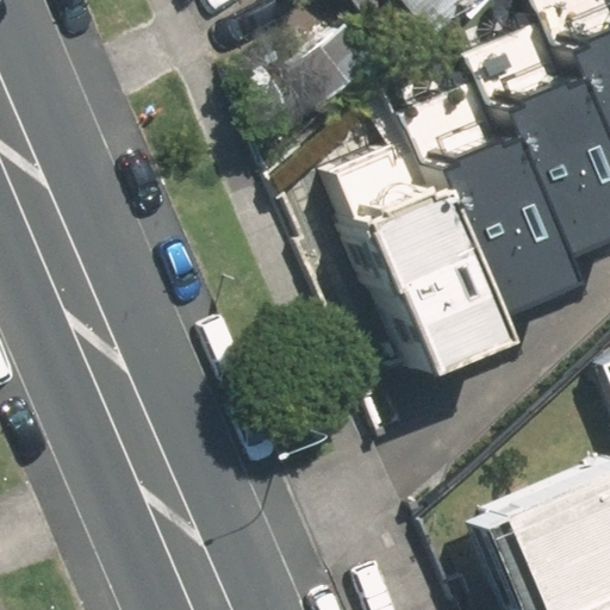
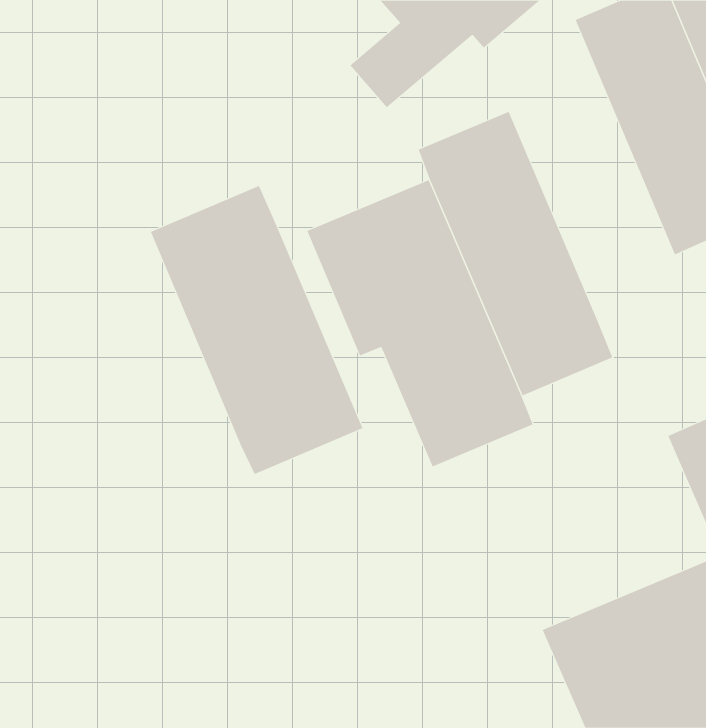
building: [444,17,591,267] -> none
building: none -> [150,185,363,475]

